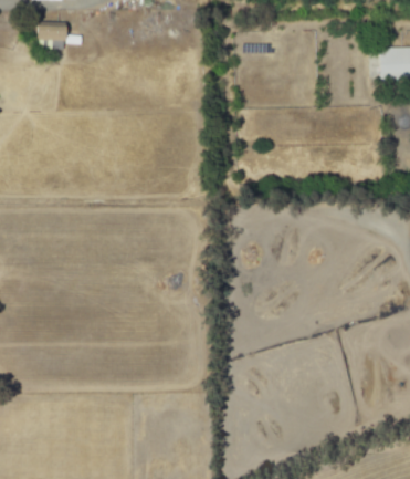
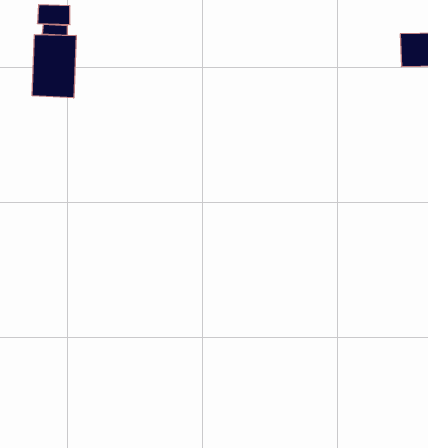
building: none -> [32,35,76,98]

